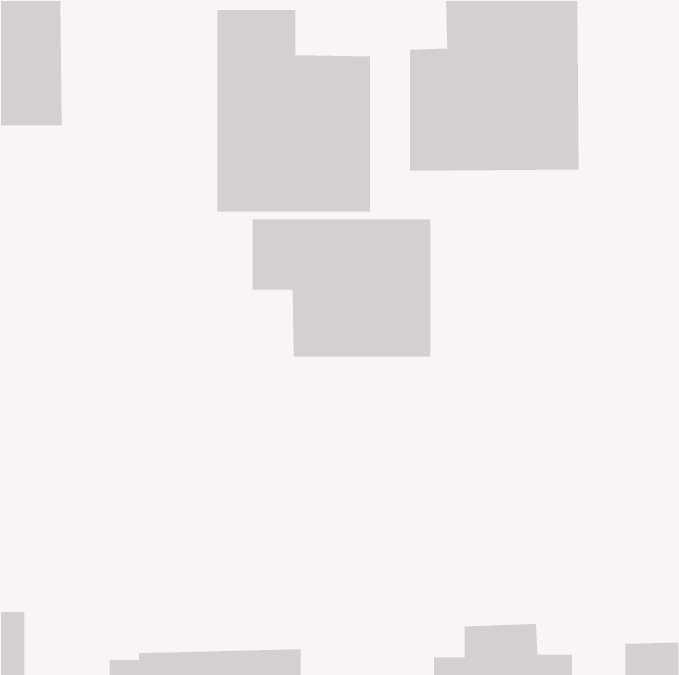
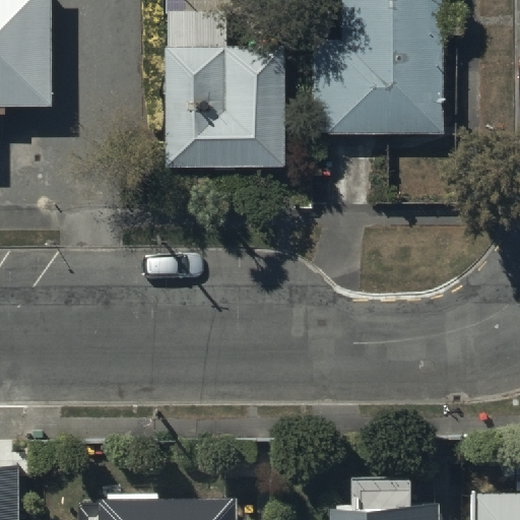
building: [252,219,431,358] -> none

